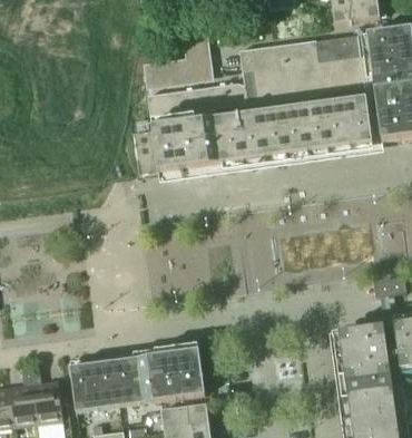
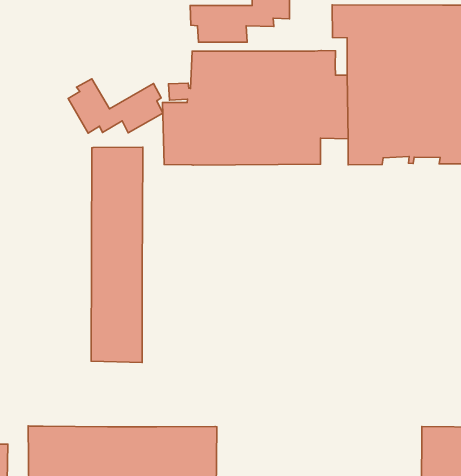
building: none -> [68,79,163,133]
building: none -> [91,147,143,363]

